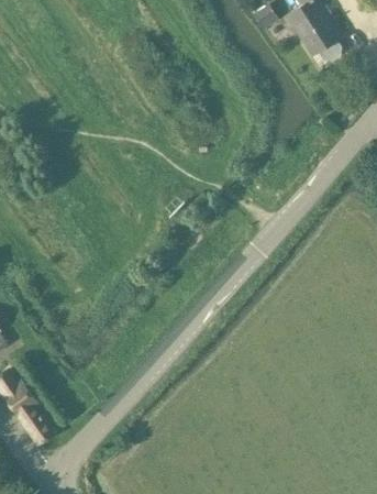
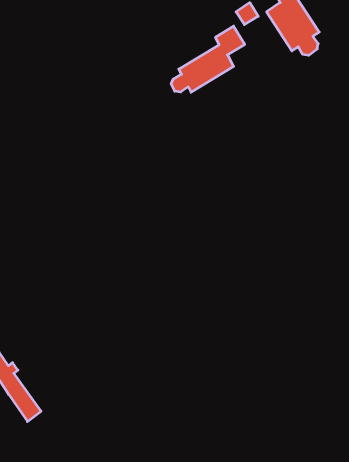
building: none -> [171,26,245,92]

